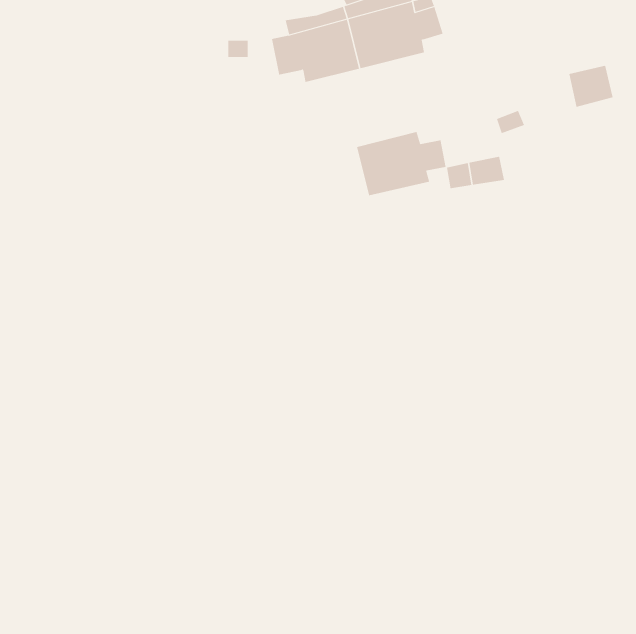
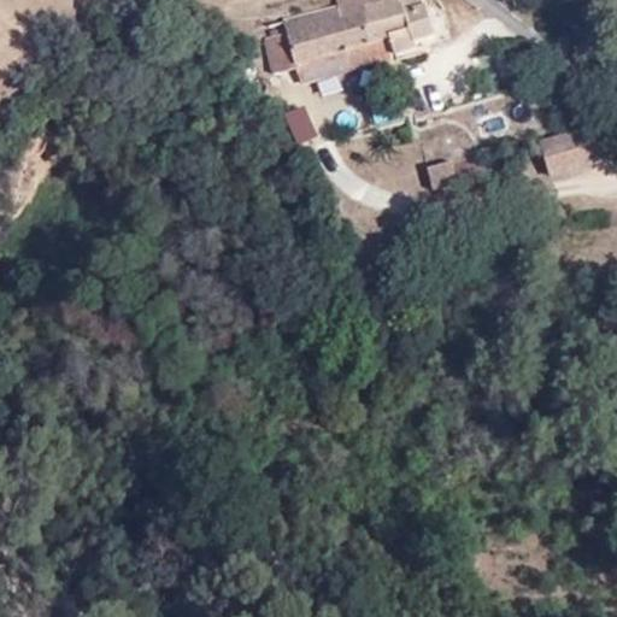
building: [568,65,613,108] -> [542,133,586,174]
building: [356,131,446,196] -> none

